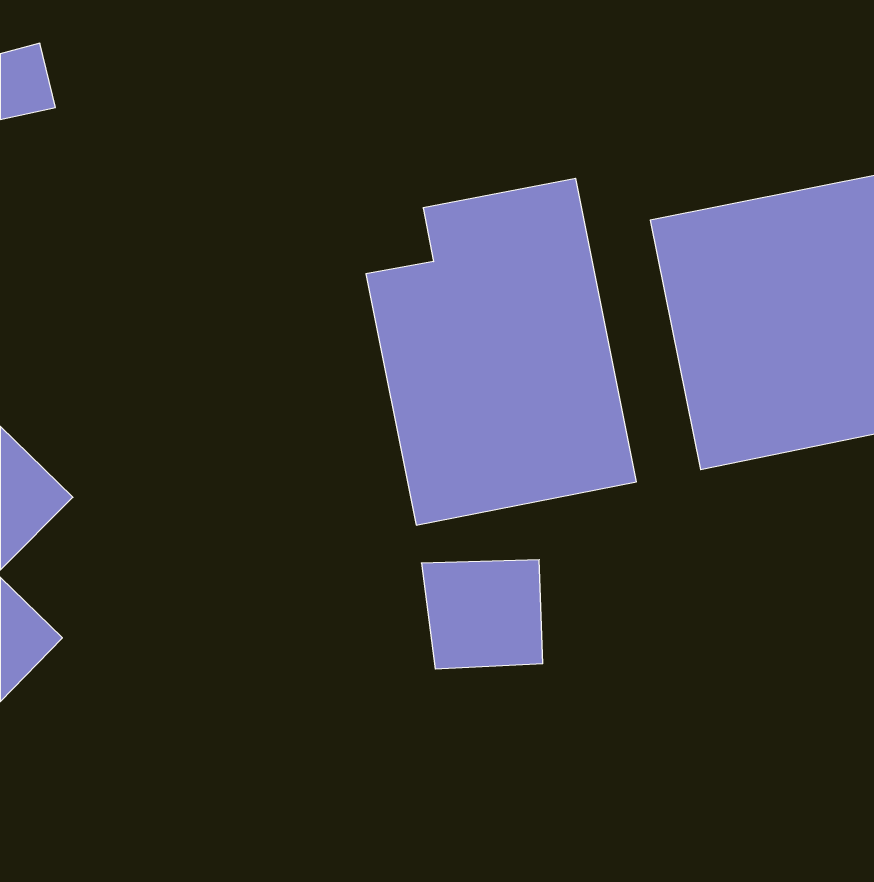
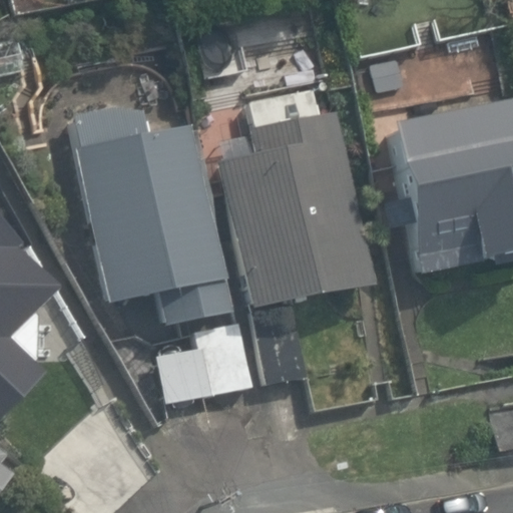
building: none -> [75,125,225,304]
building: none -> [149,329,252,405]

